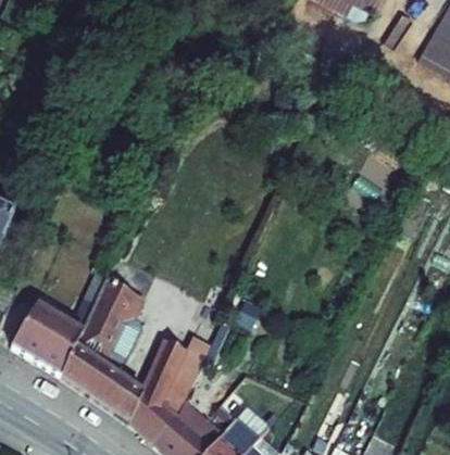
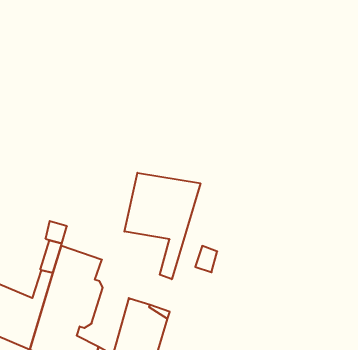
building: none -> [124,173,200,279]

